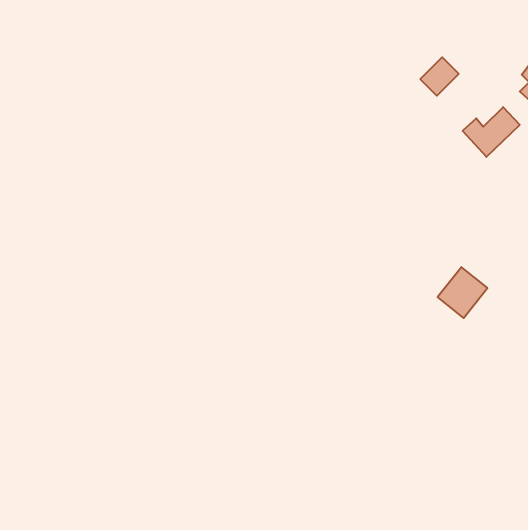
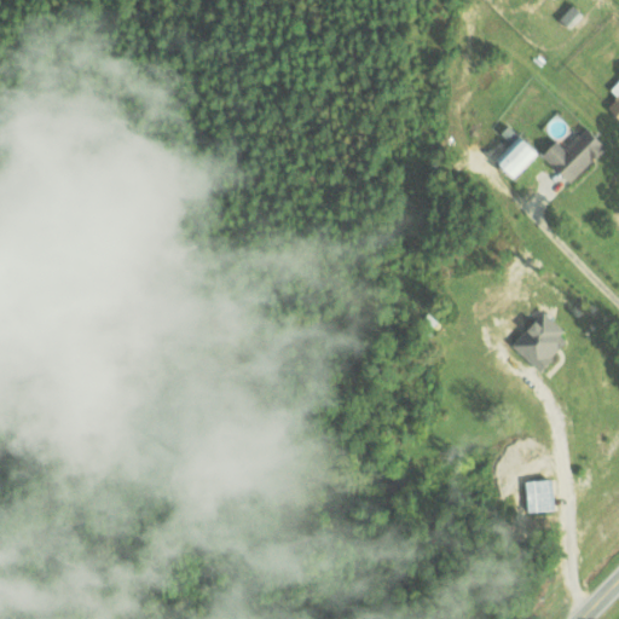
building: [420,57,459,96] -> [494,135,539,180]
building: none -> [526,479,554,511]

